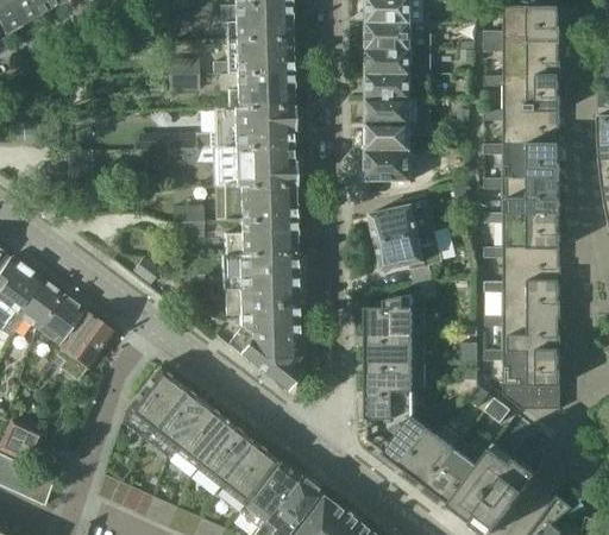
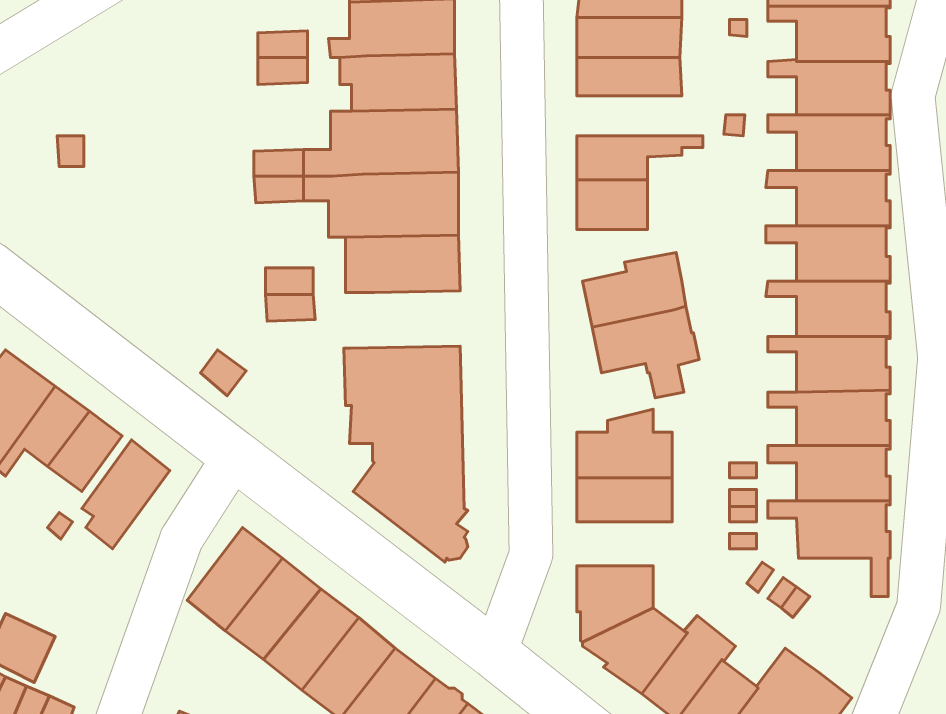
building: [366,97,432,122] -> none
building: [224,219,294,254] -> none
building: [366,363,426,391] -> none
building: [504,385,550,409] -> none

